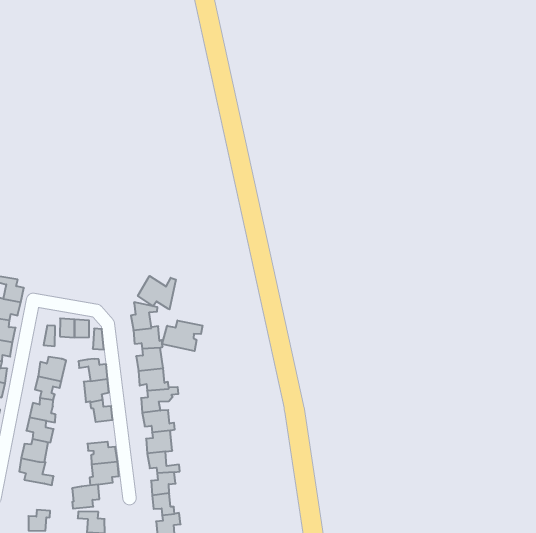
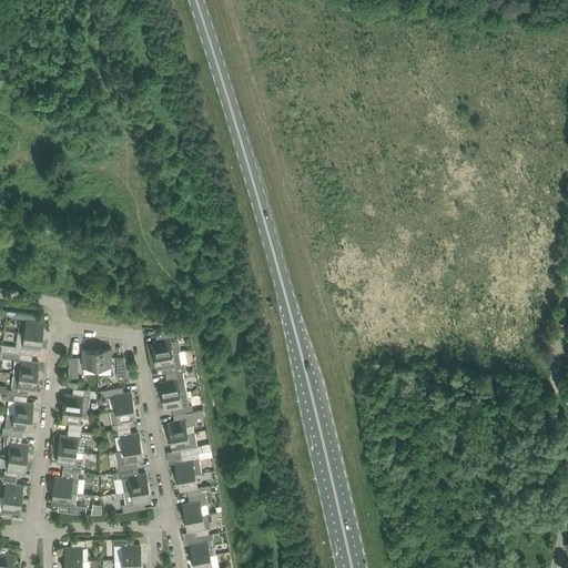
building: [138,276,176,309] -> none
building: [162,320,203,351] -> none
building: [72,484,99,509] -> [114,447,142,473]

